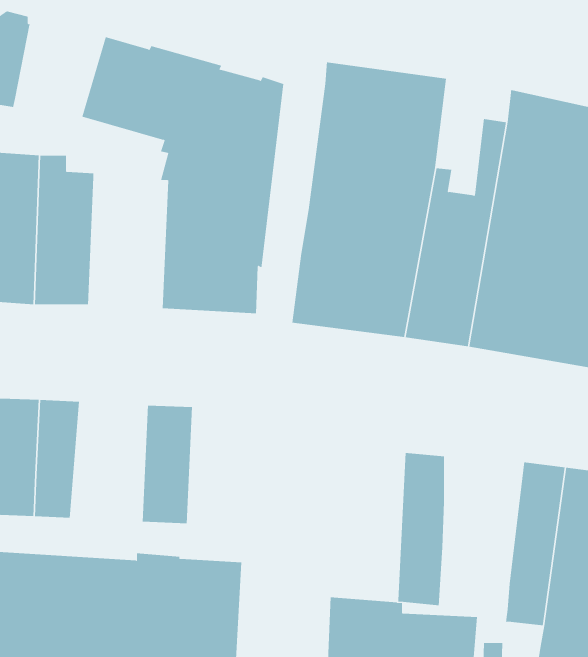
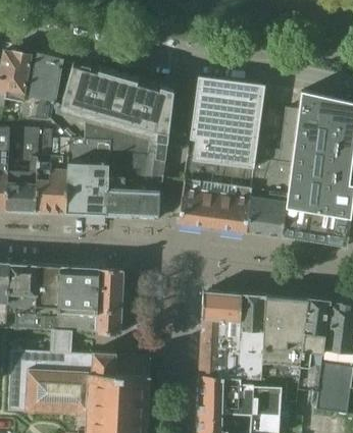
building: none -> [20,53,62,119]
building: none -> [64,141,108,214]
building: none -> [54,266,97,333]
building: none -> [199,291,241,378]
building: none -> [260,296,307,382]

